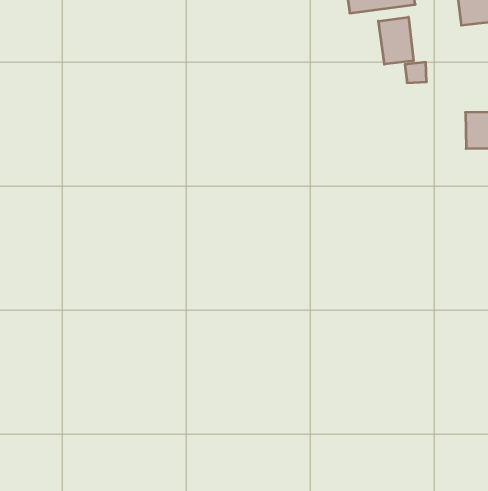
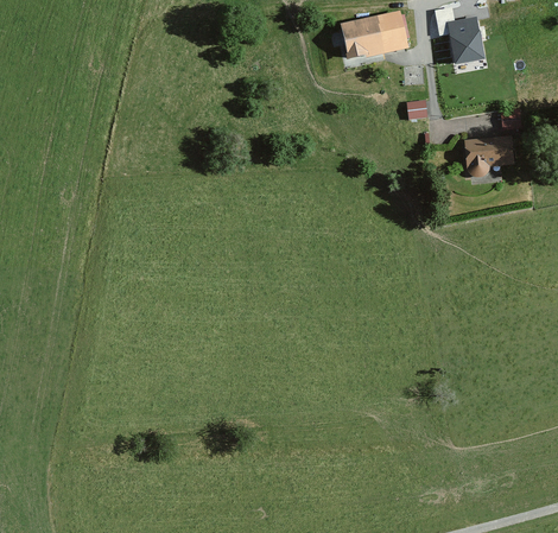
building: [378,17,413,64] -> none

